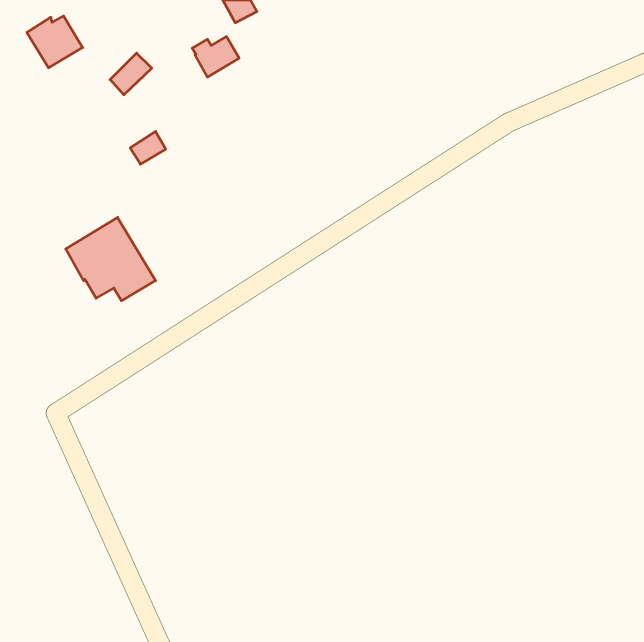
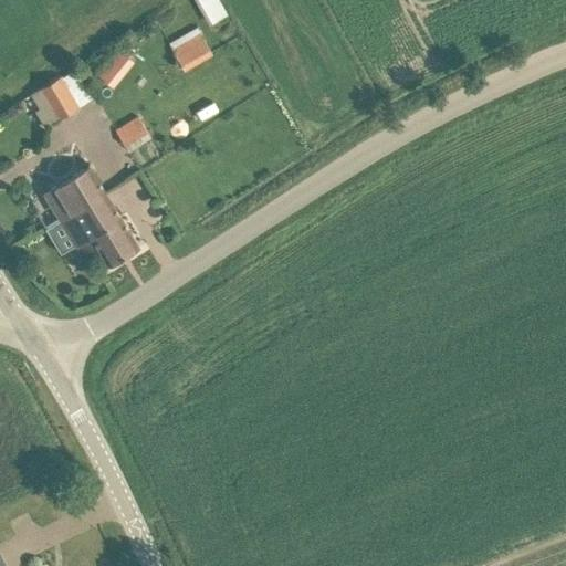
building: [27,16,83,68] -> [38,76,86,122]
building: none -> [41,167,103,221]

